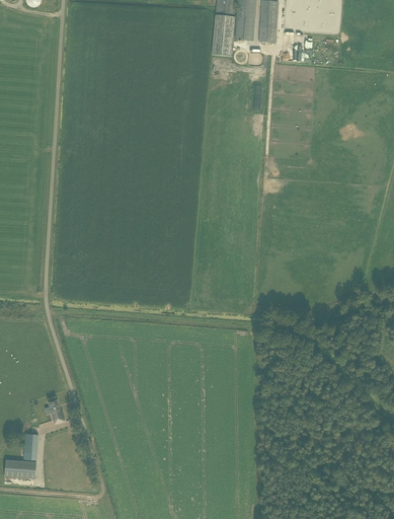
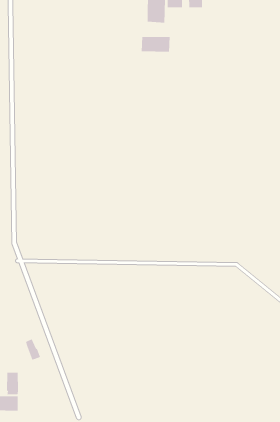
building: none -> [141,36,170,53]

